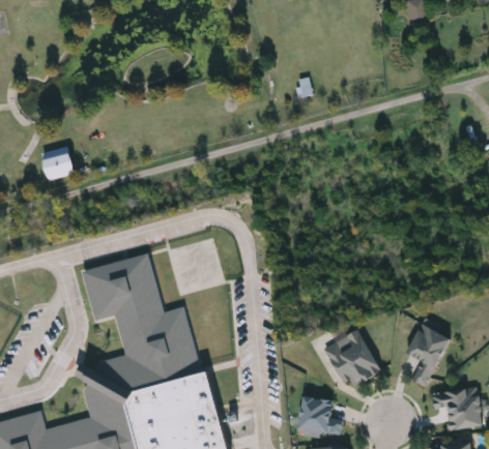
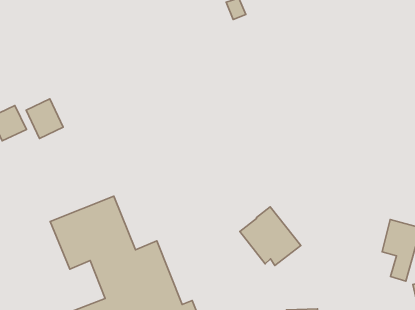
building: none -> [26,99,63,138]
building: [323,329,381,388] -> [240,207,301,265]

